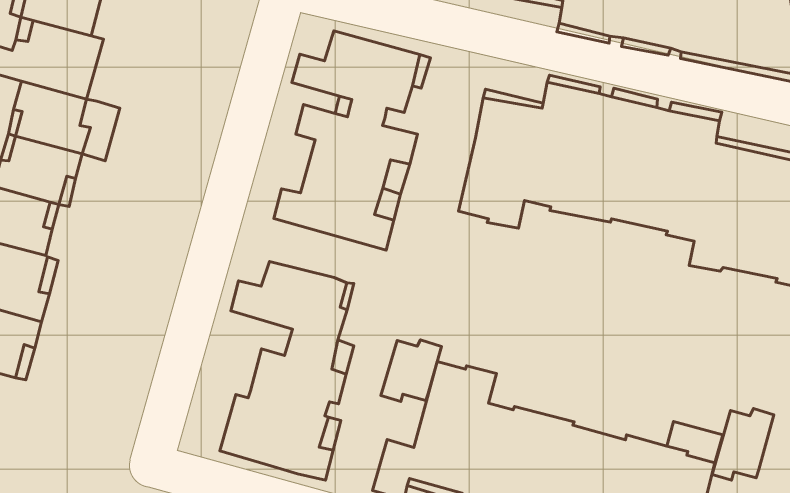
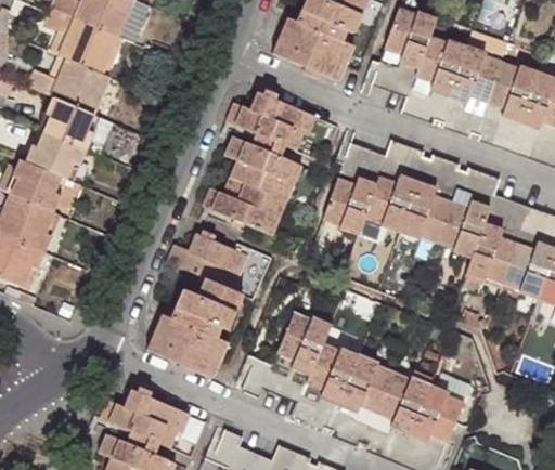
building: [381,340,441,401] -> none
building: [712,409,774,480] -> none

